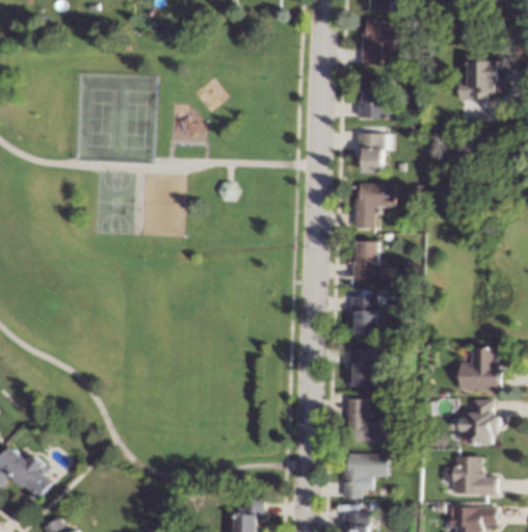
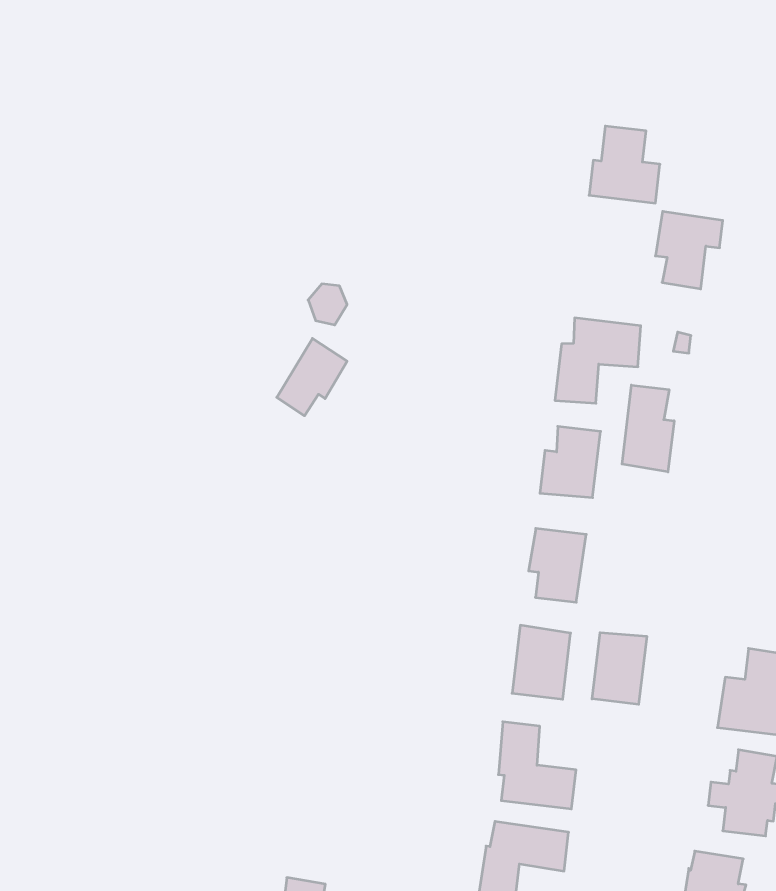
building: [361,20,399,63] -> none
building: [355,133,389,171] -> [655,211,723,289]
building: none -> [277,338,347,416]
building: none -> [622,385,674,472]
building: none -> [592,633,647,704]

